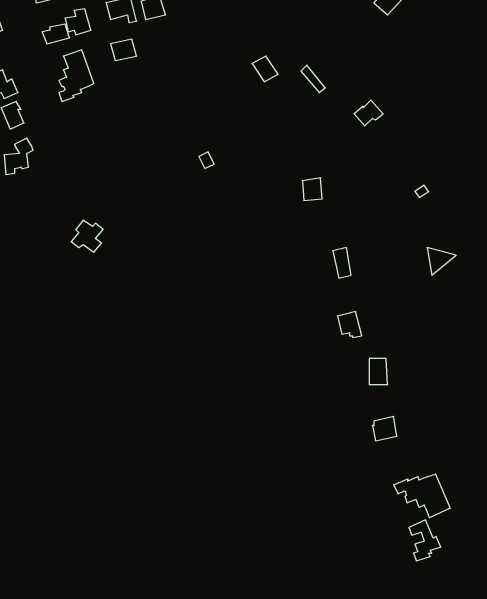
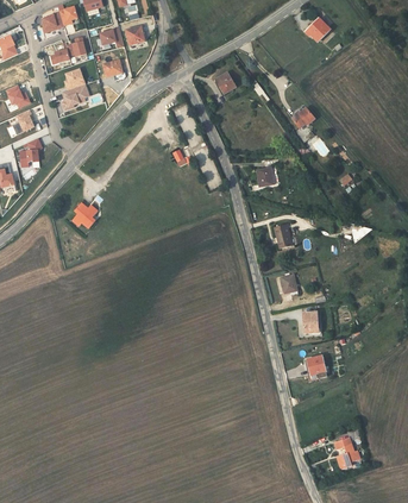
building: [394,474,450,518] -> none

